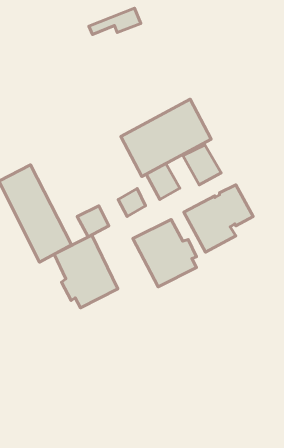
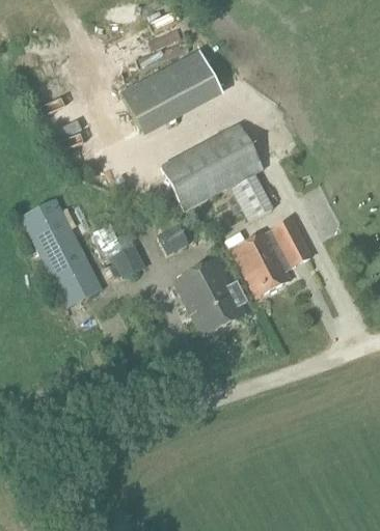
building: none -> [120,51,219,130]
building: [146,164,180,200] -> none
building: [54,235,118,308] -> none

